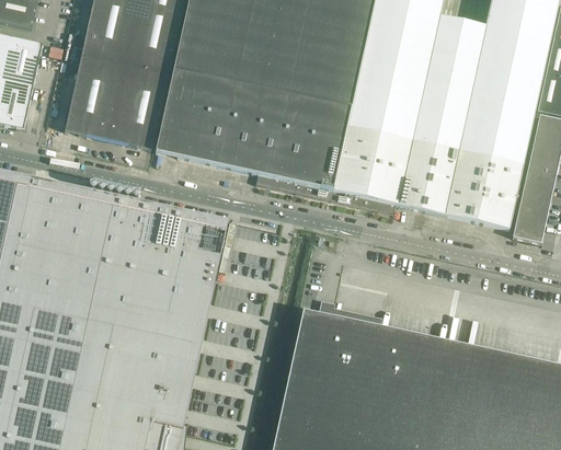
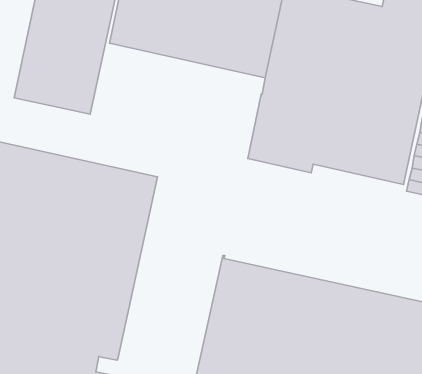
building: [154,65,351,196] -> none

